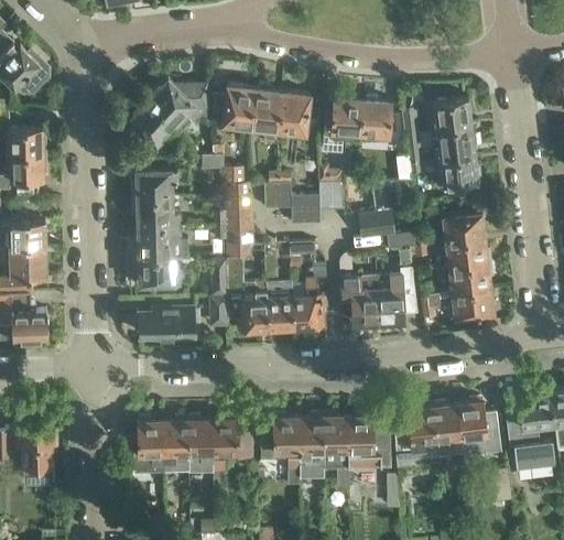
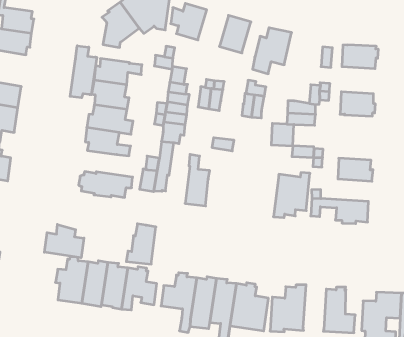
building: [250,86,282,144] -> none
building: [360,98,392,141] -> none
building: [431,126,477,161] -> none
building: none -> [70,46,97,98]
building: [291,196,319,225] -> none
building: [443,212,486,242] -> none
building: [449,263,494,293] -> none
building: [340,276,379,328] -> none
building: [292,280,325,328] -> none
building: [238,283,269,332] -> [126,224,156,264]
building: none -> [44,224,84,258]
building: [433,402,464,456] -> none

